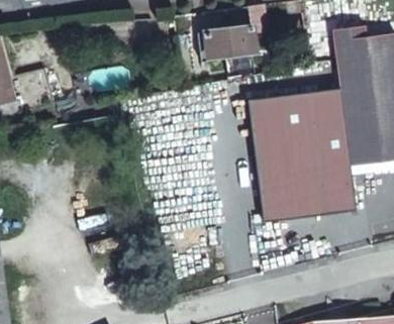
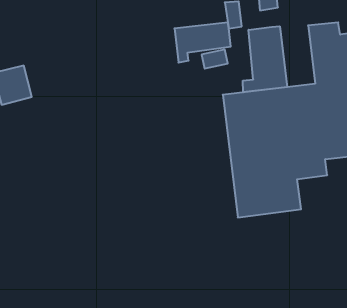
building: none -> [243,26,287,92]
building: [319,179,353,213] -> none

